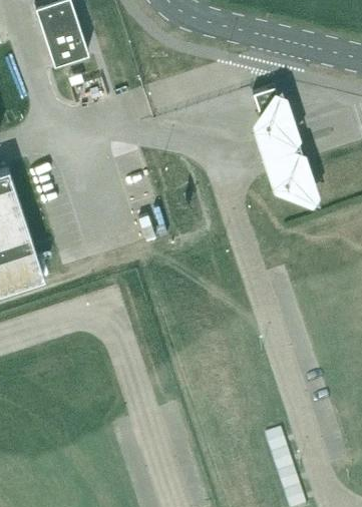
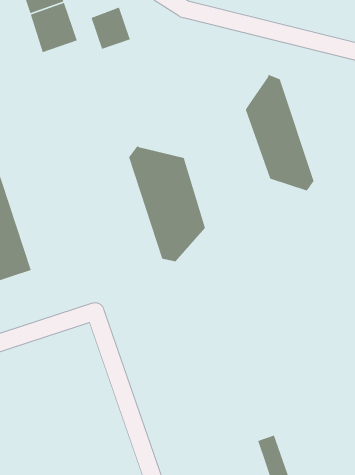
building: none -> [91,7,131,50]
building: none -> [128,145,206,262]

